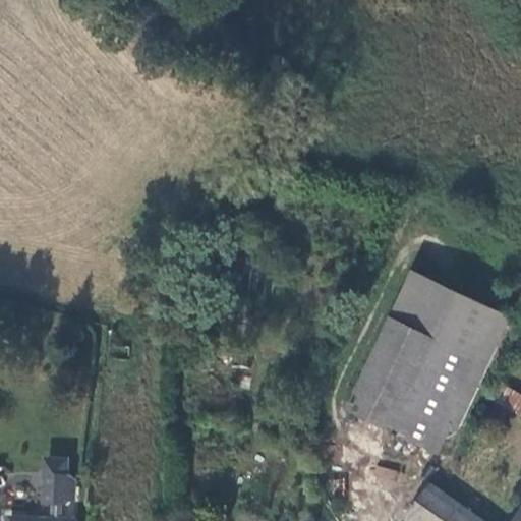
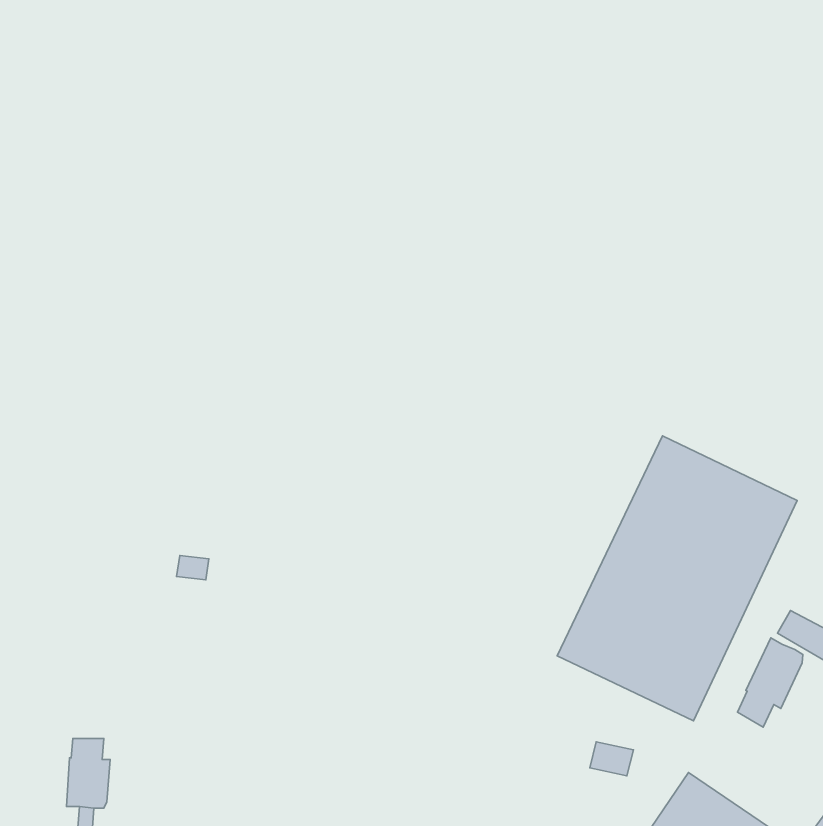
building: none -> [738,638,803,727]

